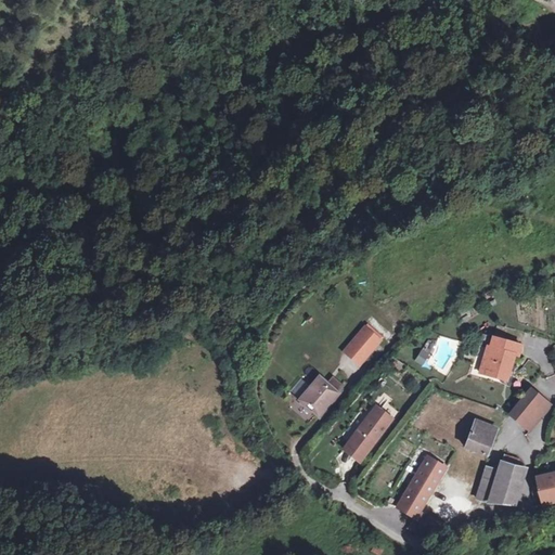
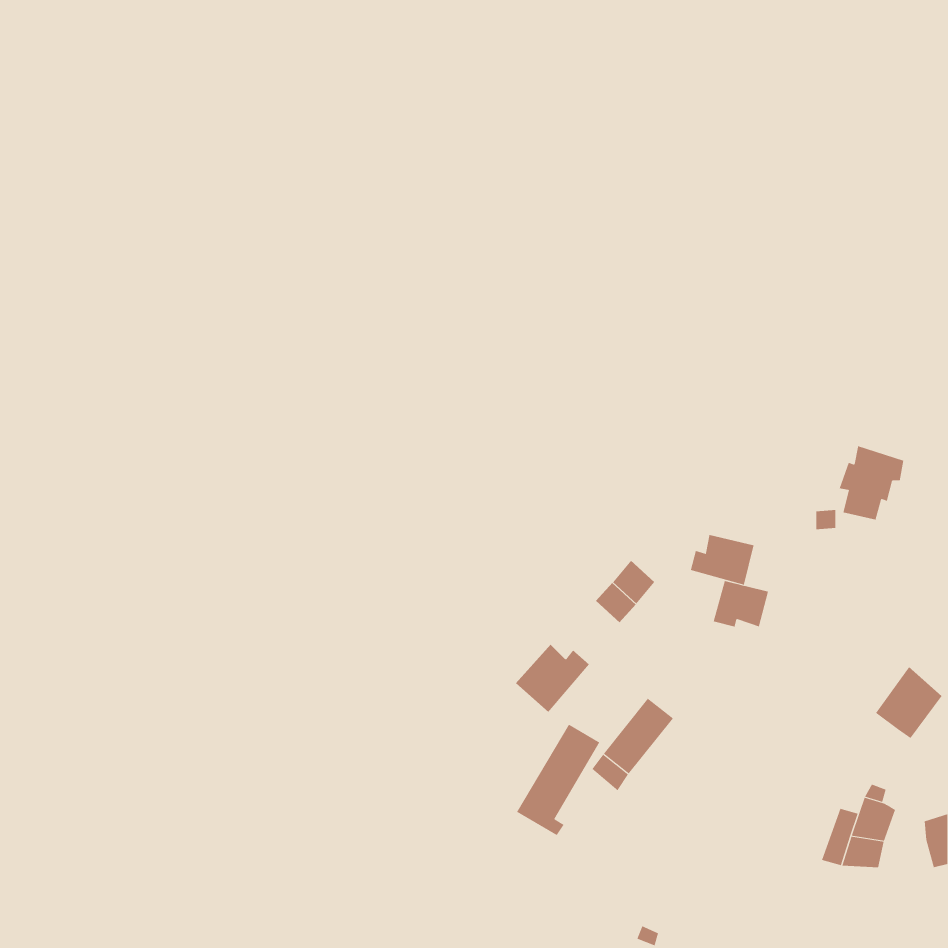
building: none -> [690,534,754,585]
building: [479,333,517,376] -> [839,445,904,520]
building: [462,420,495,454] -> none
building: [397,456,446,521] -> [516,724,600,836]

